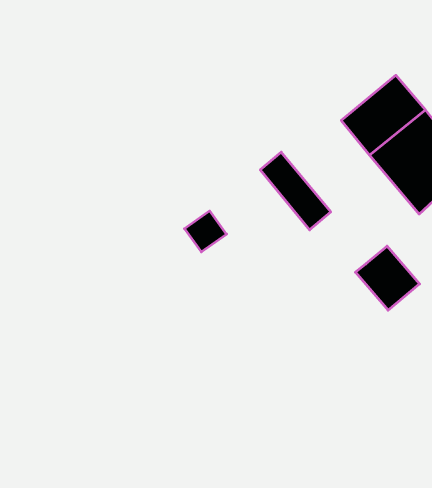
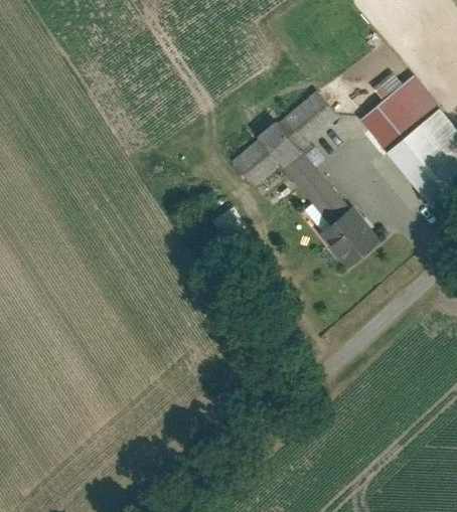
building: none -> [231,91,339,189]
building: [355,246,420,310] -> [319,206,380,268]

